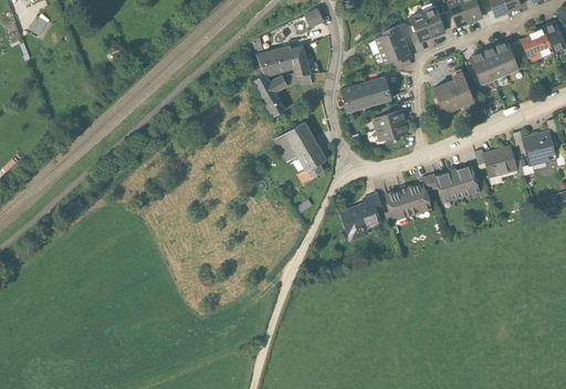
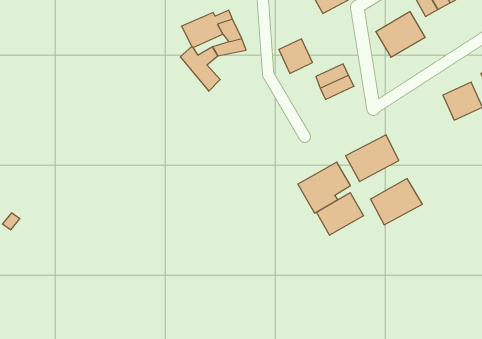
building: [364,76,394,106] -> none
building: [275,123,329,176] -> none
building: [436,164,482,202] -> [370,179,422,225]
building: none -> [316,193,363,235]

